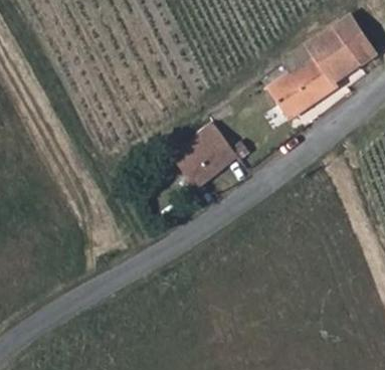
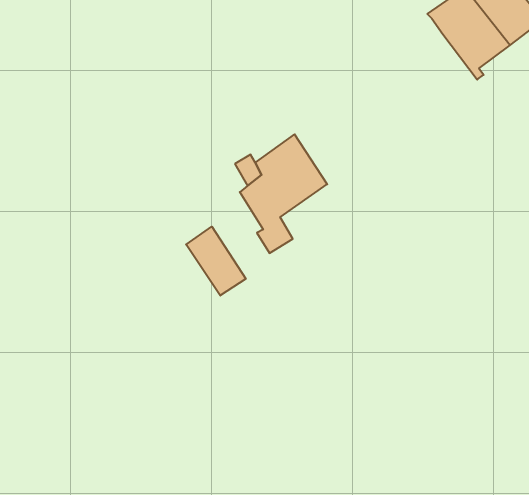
building: [268,60,334,122] -> none
building: none -> [186,227,246,296]

